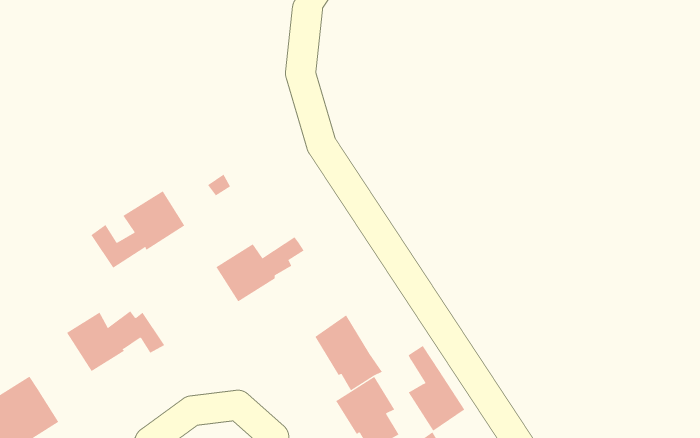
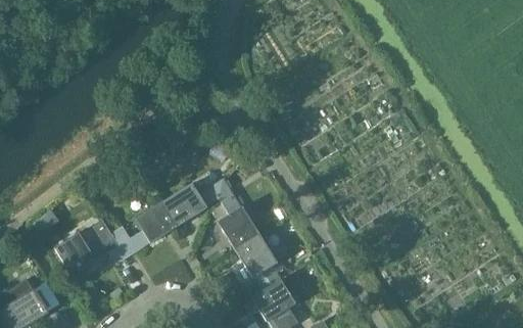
building: [91,191,185,269] -> [111,198,181,255]
building: [408,345,465,432] -> [219,186,260,249]

